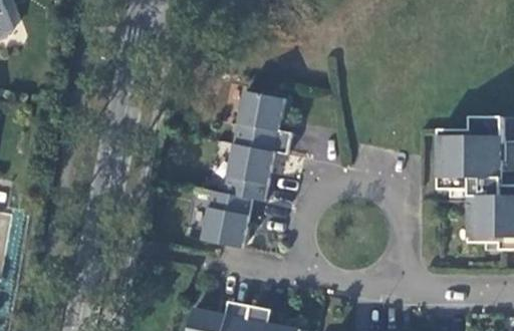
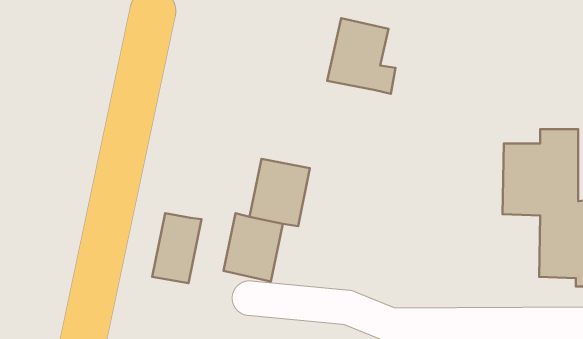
building: [233,90,291,154] -> [327,18,396,94]
building: none -> [152,213,202,283]

